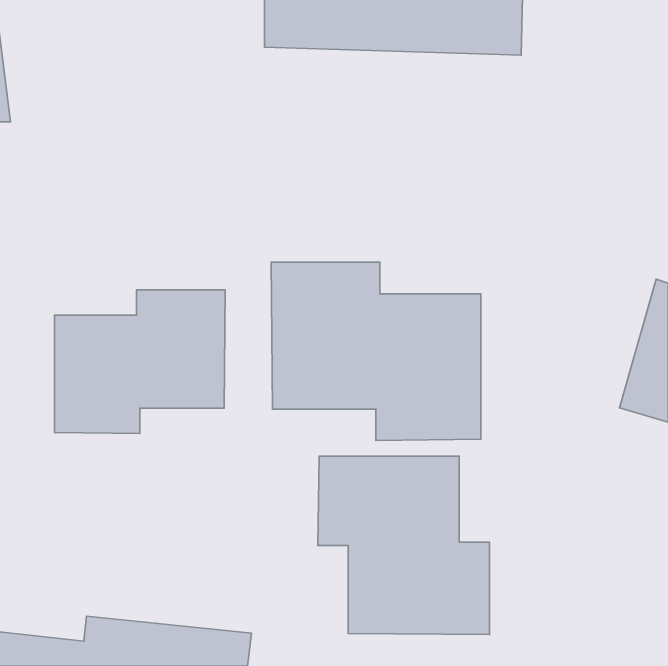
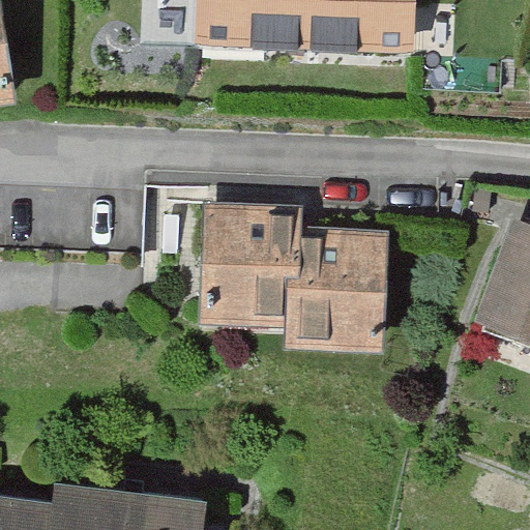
building: [54,290,225,433] -> none
building: [318,456,490,635] -> none

